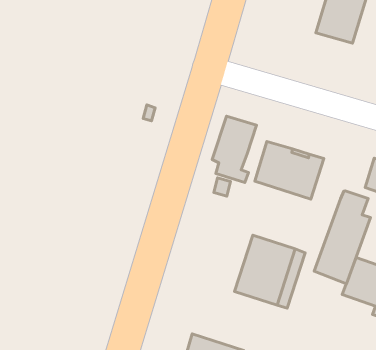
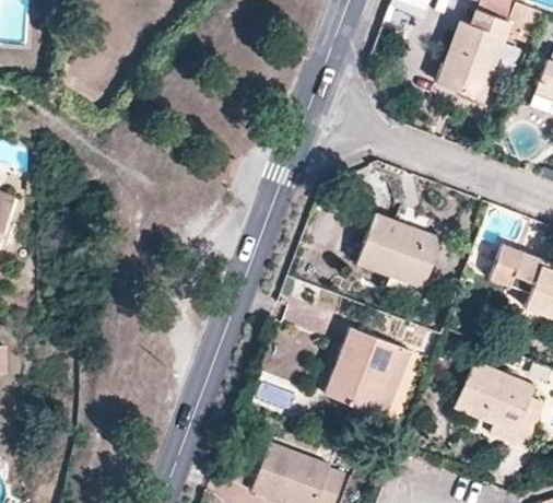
building: [212,116,257,183] -> none
building: [314,191,371,284] -> none

